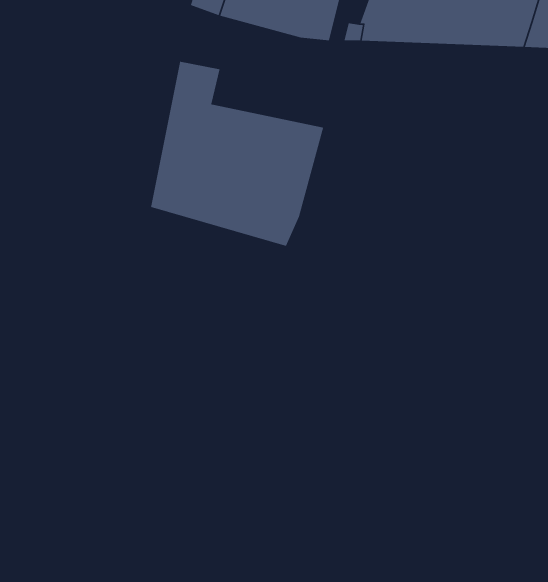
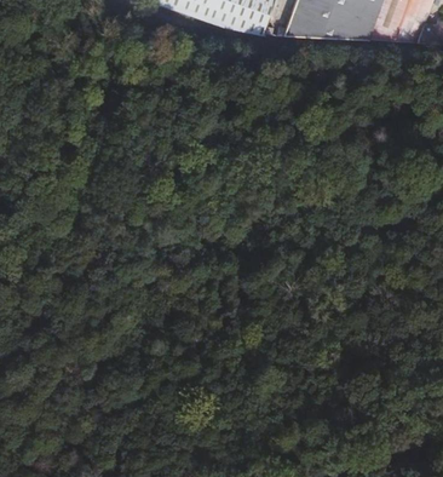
building: [150,61,324,247] -> none

